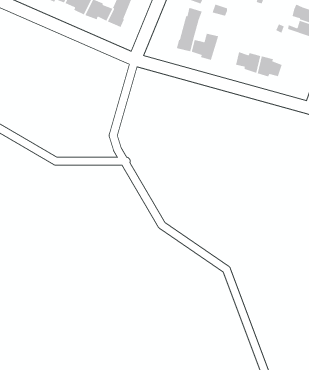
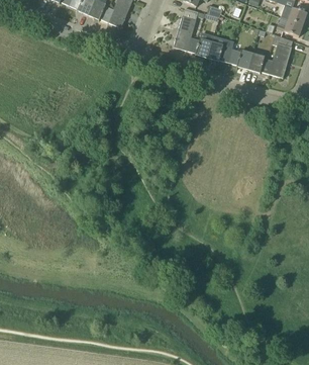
building: none -> [269,33,292,77]
building: none -> [206,34,231,62]

